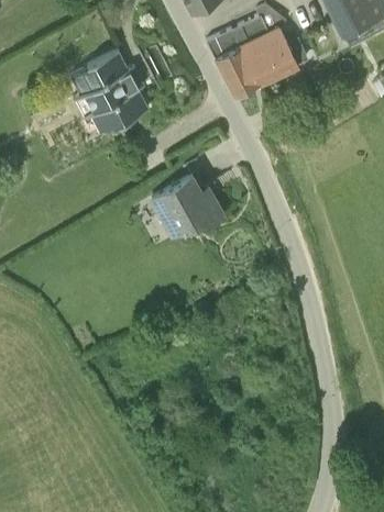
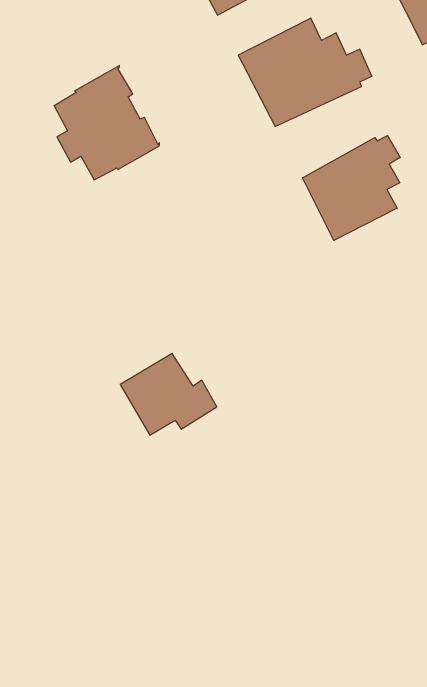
building: none -> [303,136,400,241]
building: [154,176,226,236] -> [120,353,217,435]

